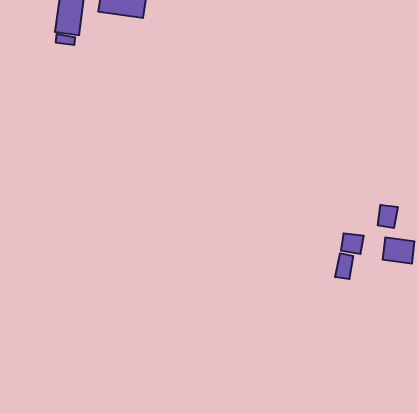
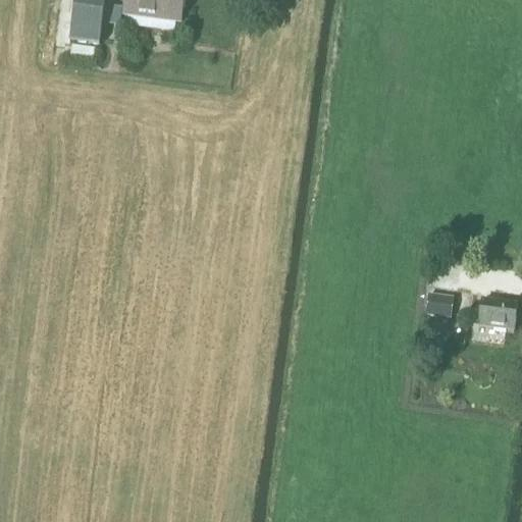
building: [378,205,398,228] -> none
building: [335,253,353,279] -> none

